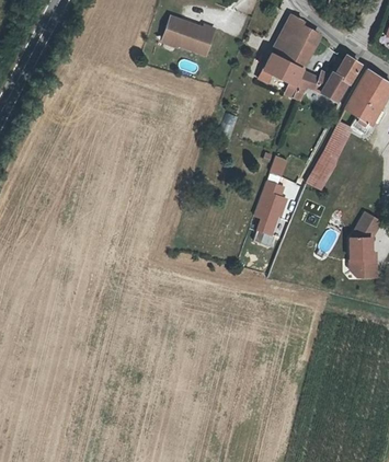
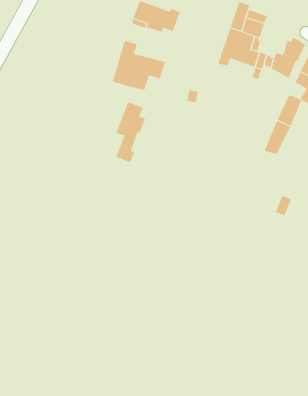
building: none -> [112,40,166,91]
building: [253,180,286,246] -> [116,102,146,163]

